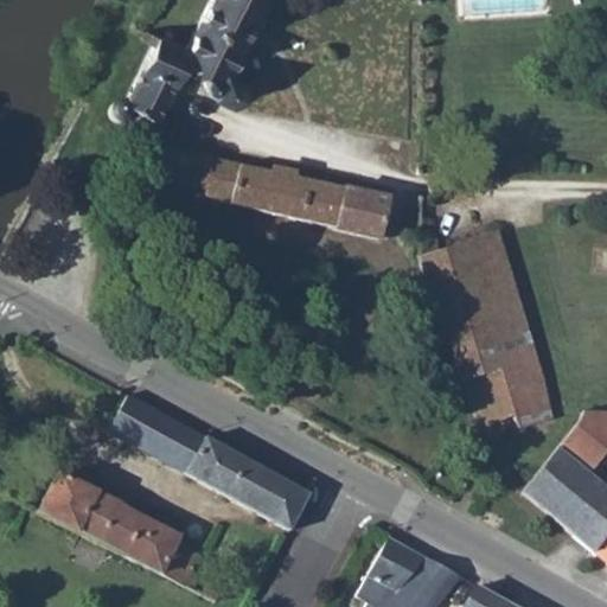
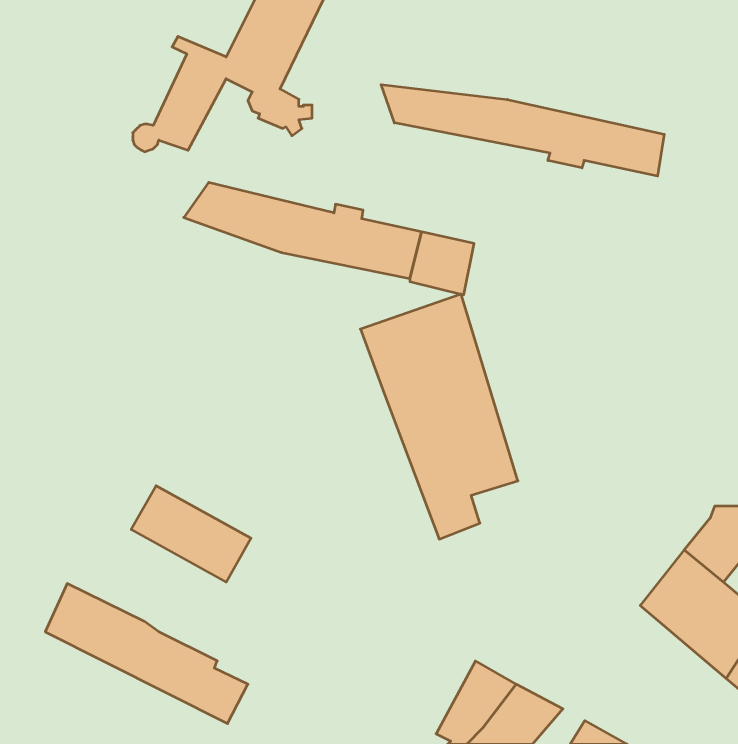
building: none -> [381,85,664,176]
building: [421,230,549,429] -> [360,294,518,539]
building: [190,437,313,531] -> none

